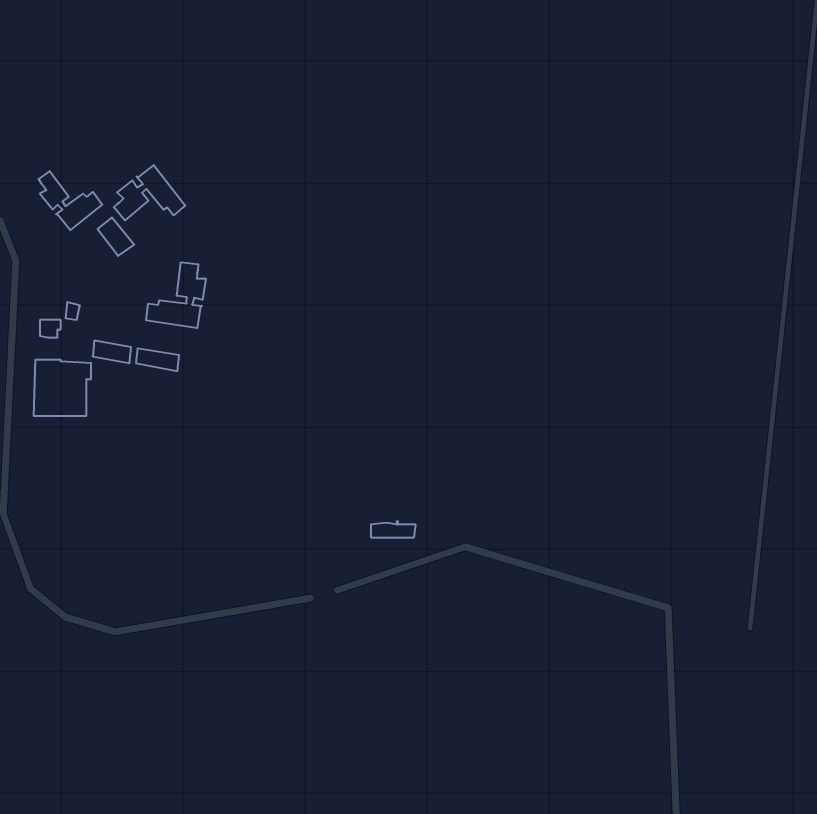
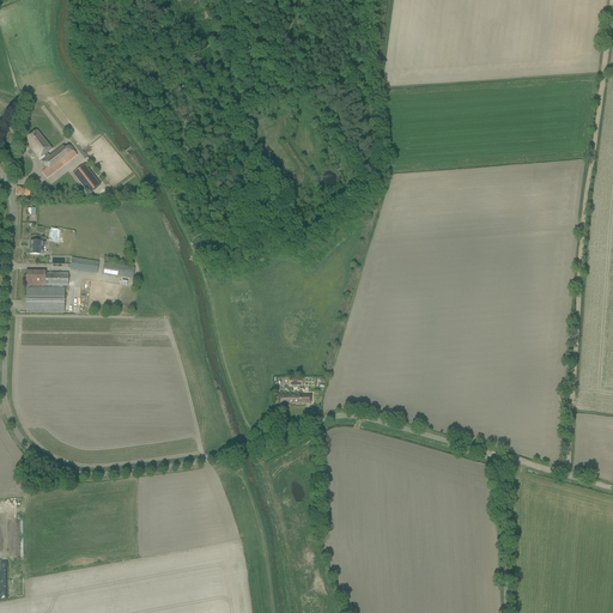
building: [114,165,185,220] -> none
building: [146,262,206,328] -> none

